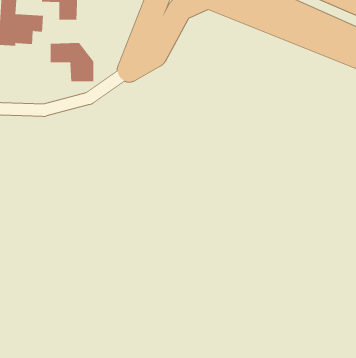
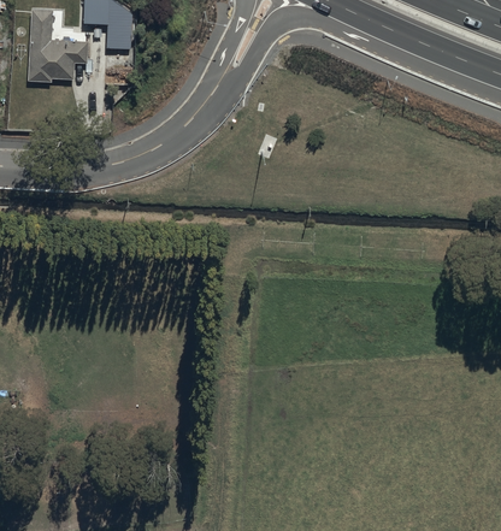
building: [50,42,94,82] -> none

